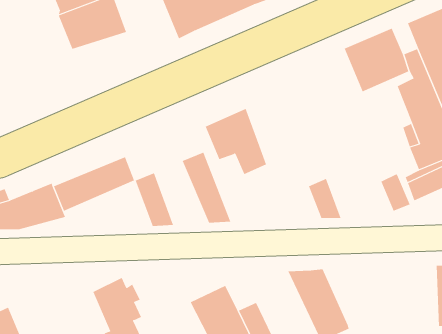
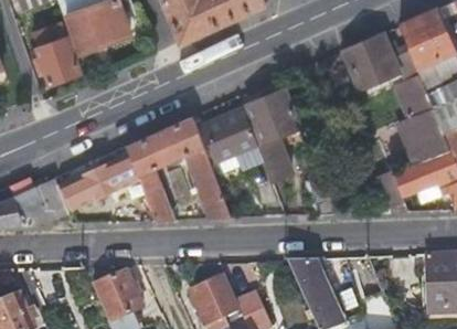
building: none -> [35,24,81,88]
building: none -> [248,88,299,179]
building: none -> [125,117,203,177]

